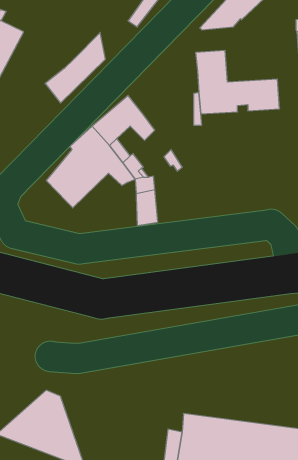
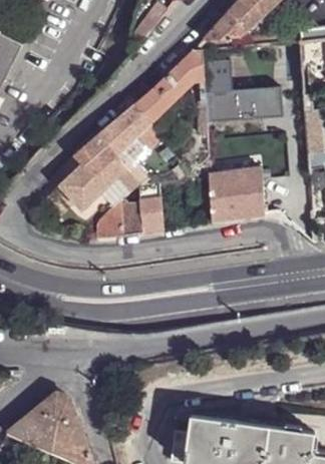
building: [45,32,105,103] -> [133,54,193,123]
building: none -> [209,168,264,221]
building: none -> [96,198,142,236]

